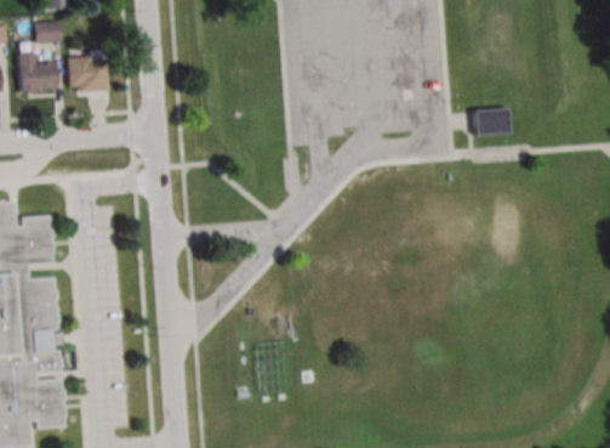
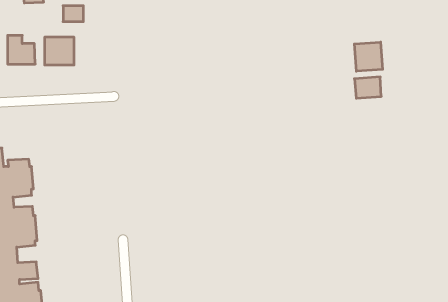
building: [34,22,61,42] -> [63,6,83,22]
building: none -> [354,42,383,71]

